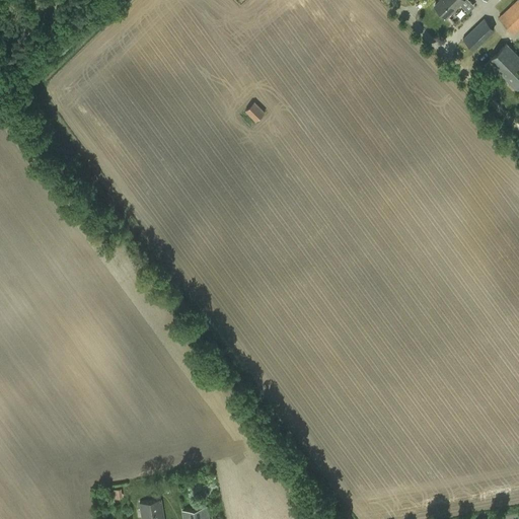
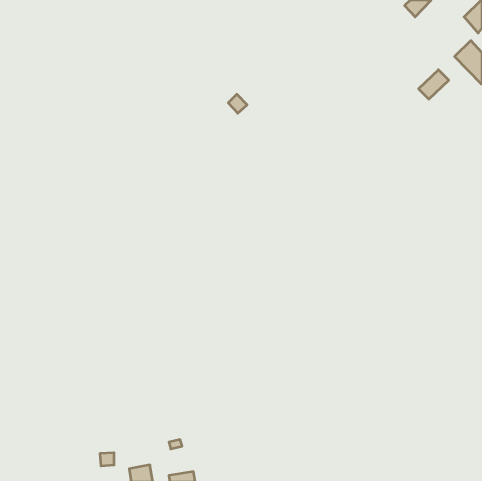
building: [462,20,495,52] -> [419,70,449,99]

